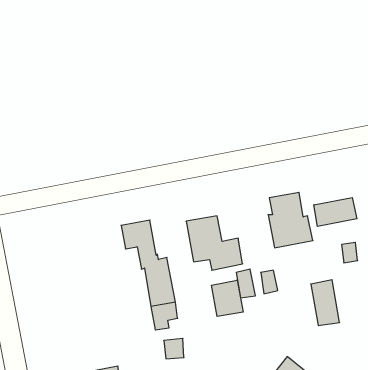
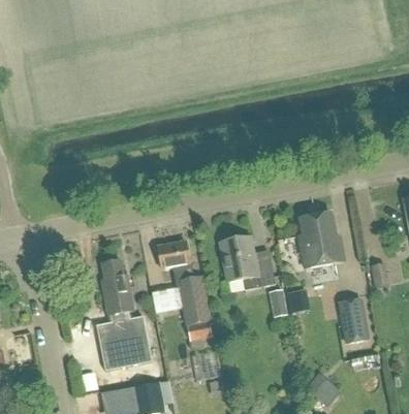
building: [314,198,357,226] -> none
building: none -> [95,258,151,369]
building: [212,280,243,316] -> none

